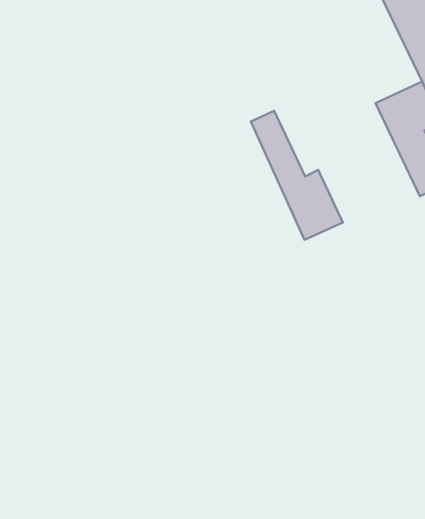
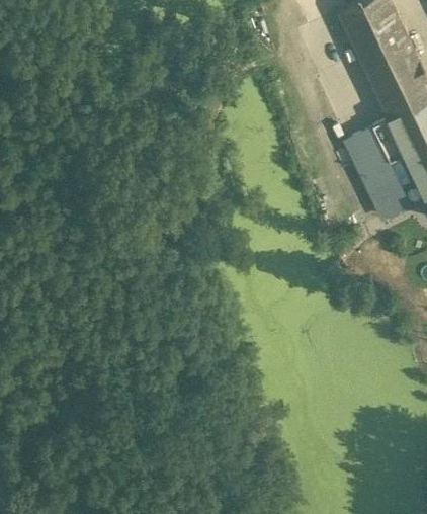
building: [251,111,343,240] -> none

